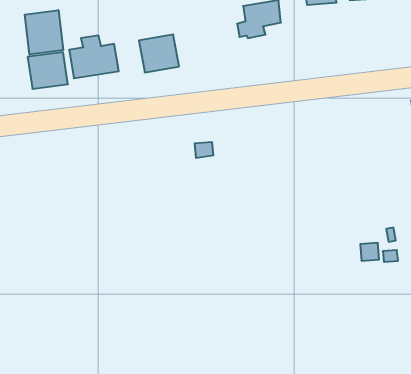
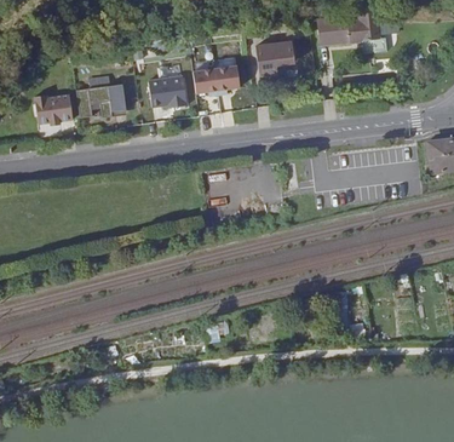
building: [25,10,63,55] -> none
building: none -> [194,63,241,91]

